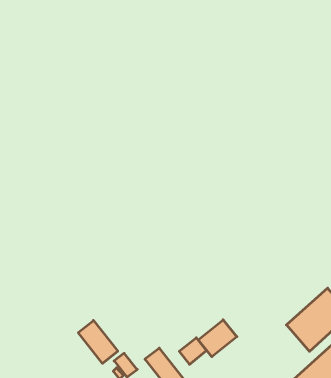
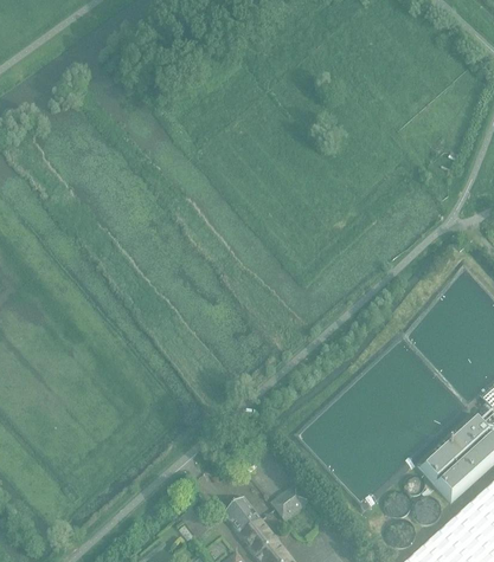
building: [198,320,237,357] -> none
building: [78,320,118,363] -> none

